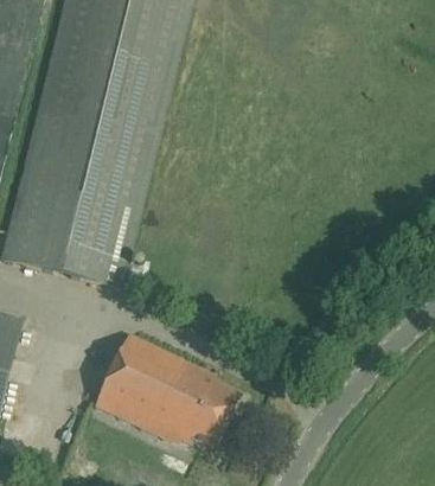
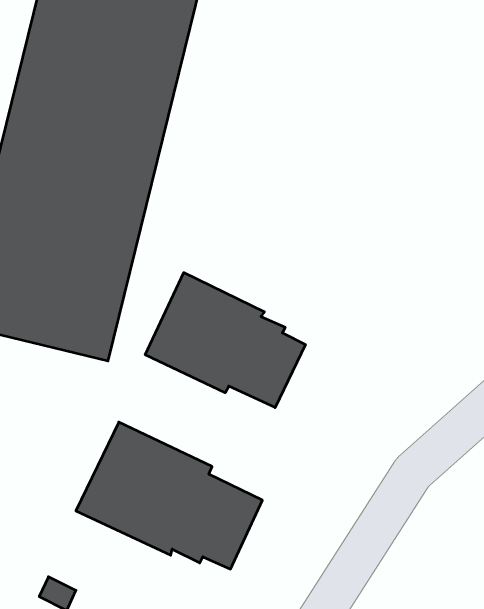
building: none -> [145,273,305,408]

